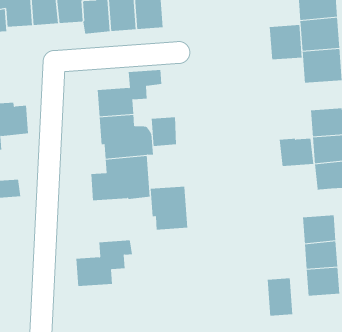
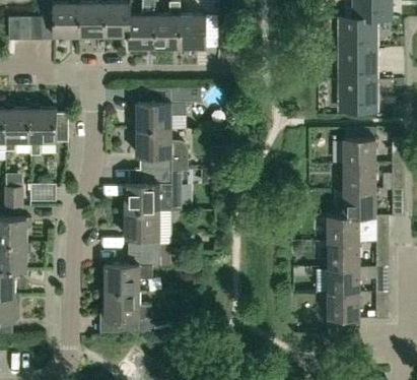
building: [269,24,302,60] -> none
building: [151,117,176,147] -> none
building: [279,138,314,166] -> [327,215,359,242]
building: [150,186,188,230] -> [125,211,159,252]
building: [267,278,293,316] -> none
building: none -> [105,294,151,333]

